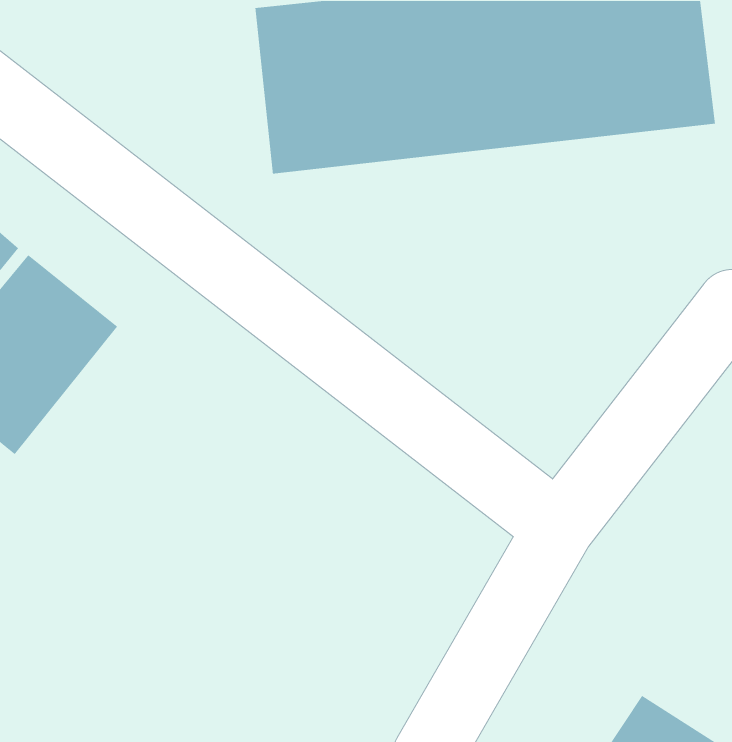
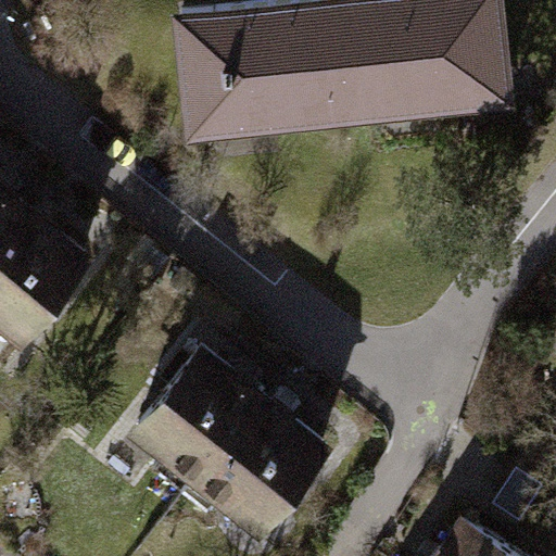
building: none -> [129,343,270,490]
building: none -> [200,399,343,547]

